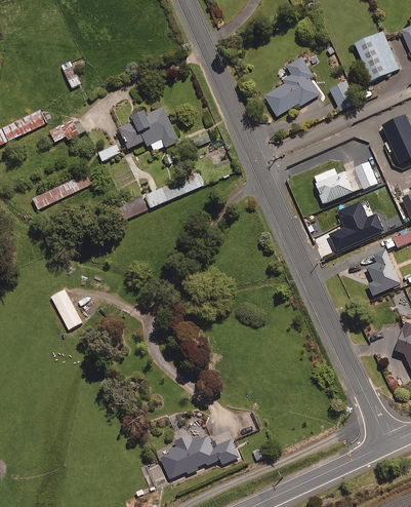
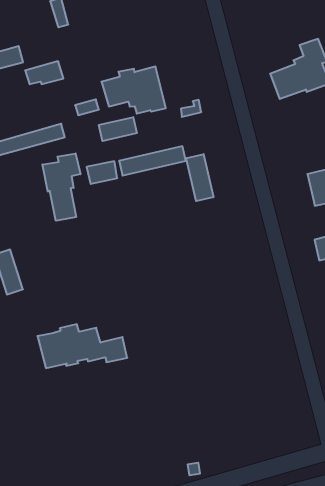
building: none -> [99,117,137,141]
building: none -> [186,154,213,201]
building: none -> [42,153,80,221]
building: [157,435,239,478] -> [37,324,127,368]

